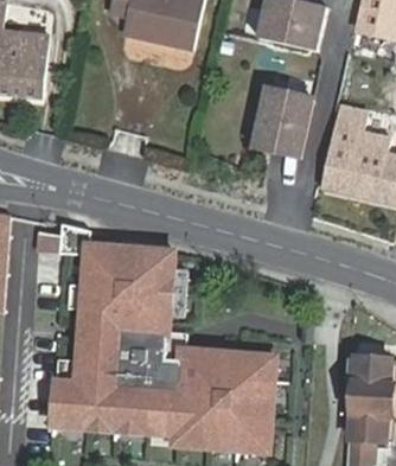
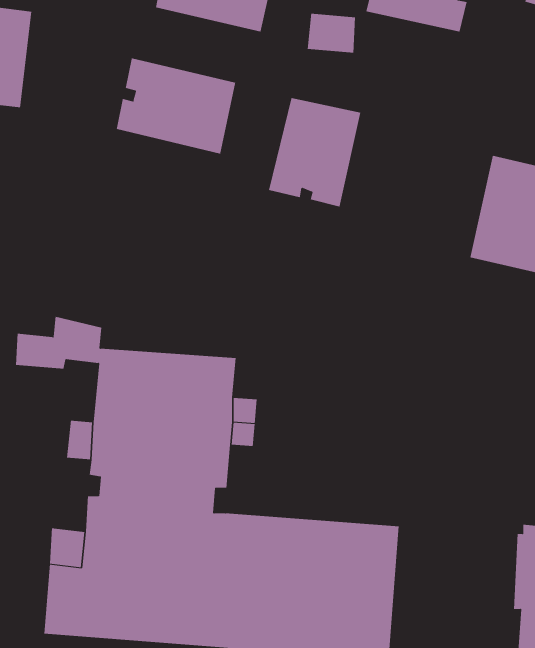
building: none -> [116,57,236,154]
building: [251,87,309,155] -> [268,97,361,207]

